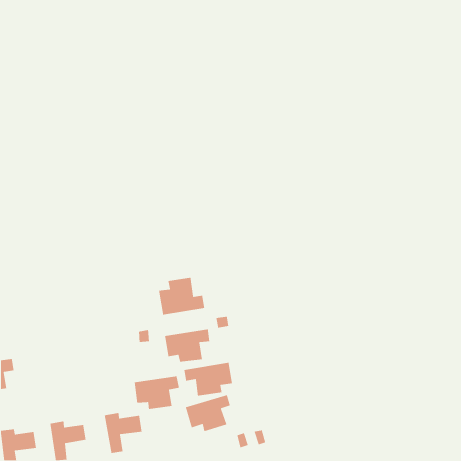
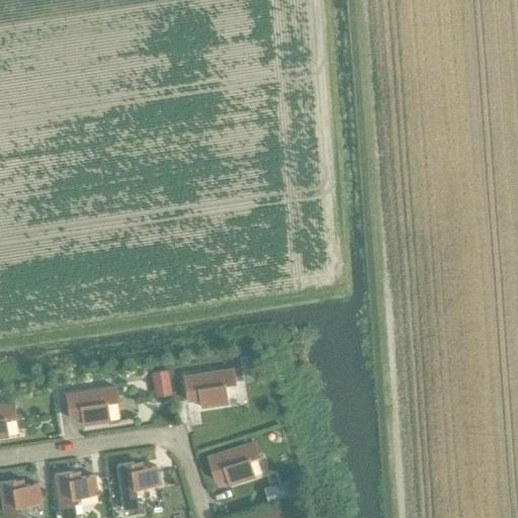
building: [158,277,205,315] -> none
building: [184,362,233,397] -> none
building: [134,376,180,410] -> [67,386,118,425]

